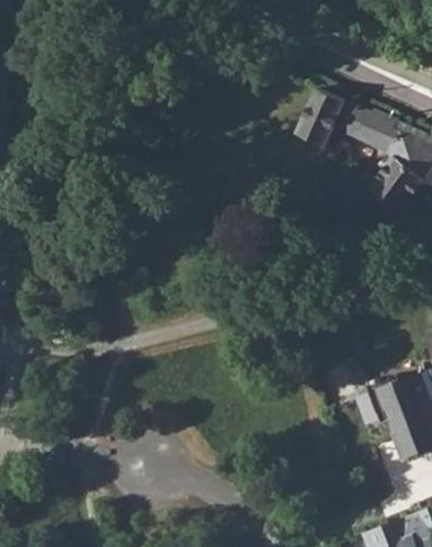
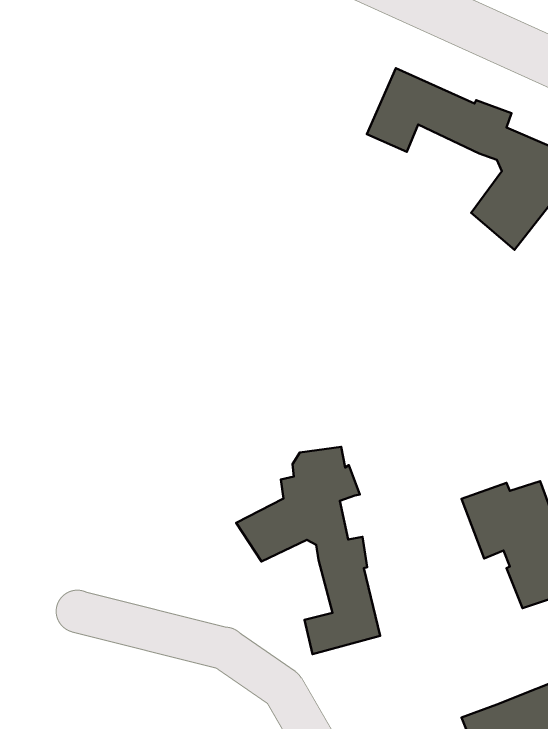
building: none -> [236,447,380,654]

